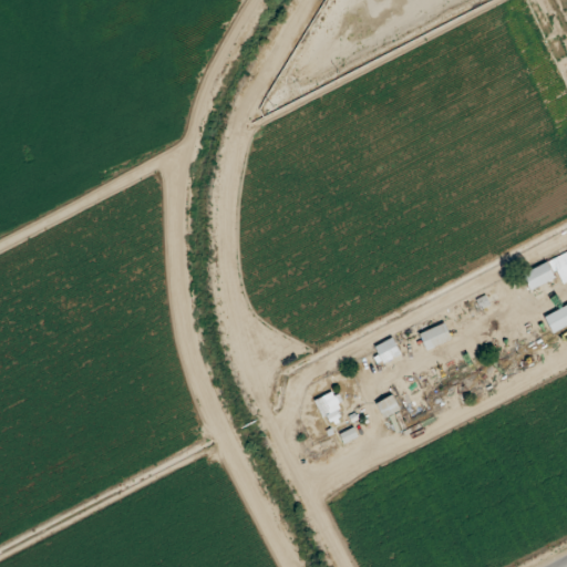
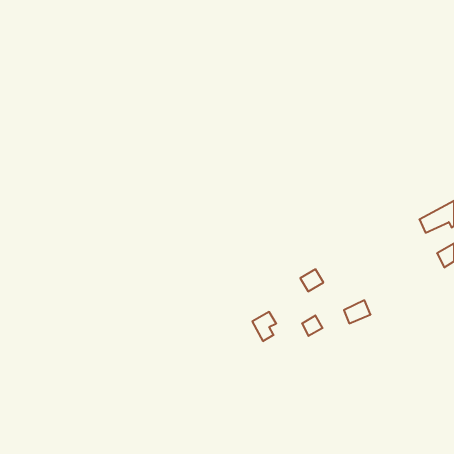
building: [420,321,453,350] -> [344,300,371,323]

